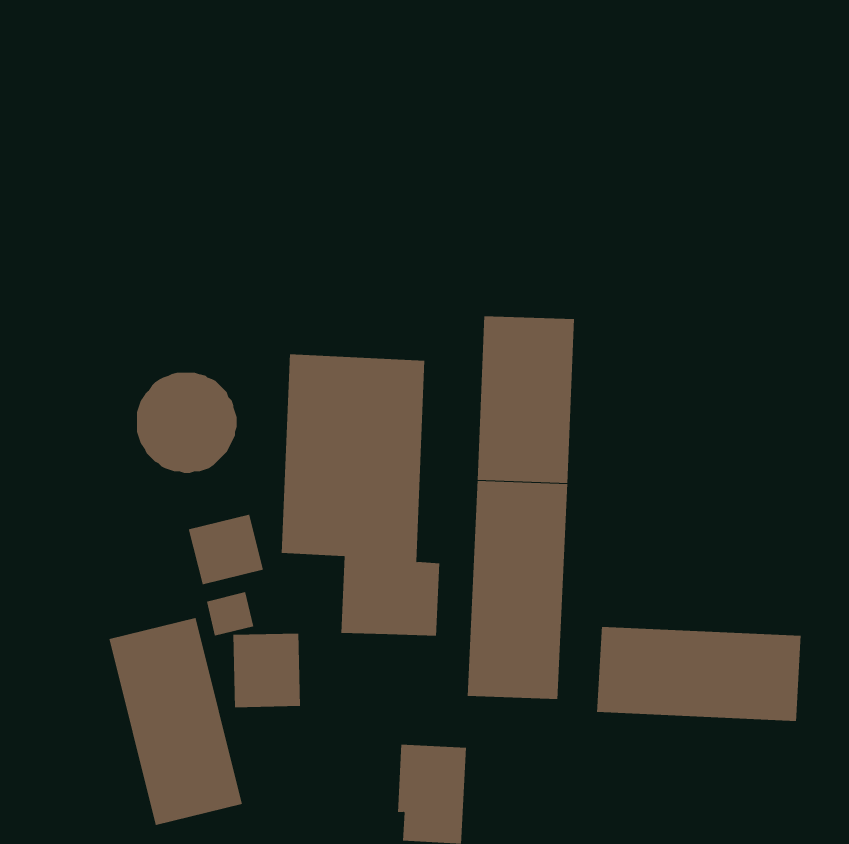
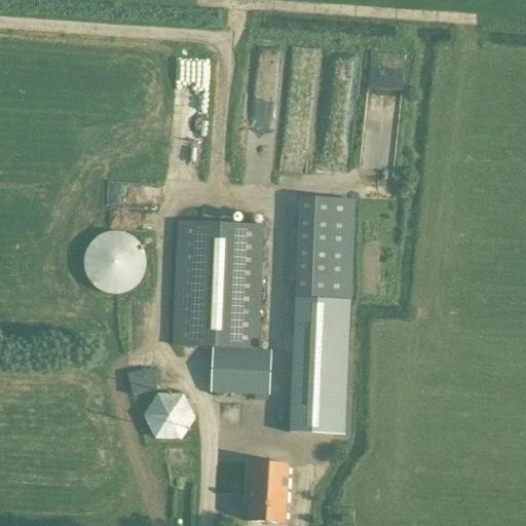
building: [188,514,264,585] -> none
building: [109,617,243,826] -> none
building: [597,626,801,722] -> none

